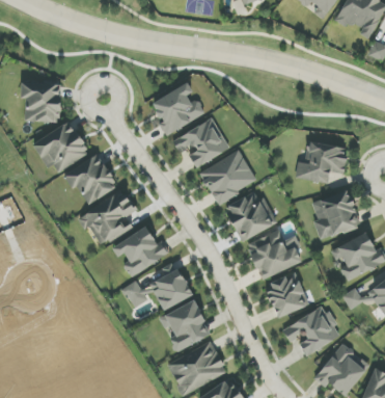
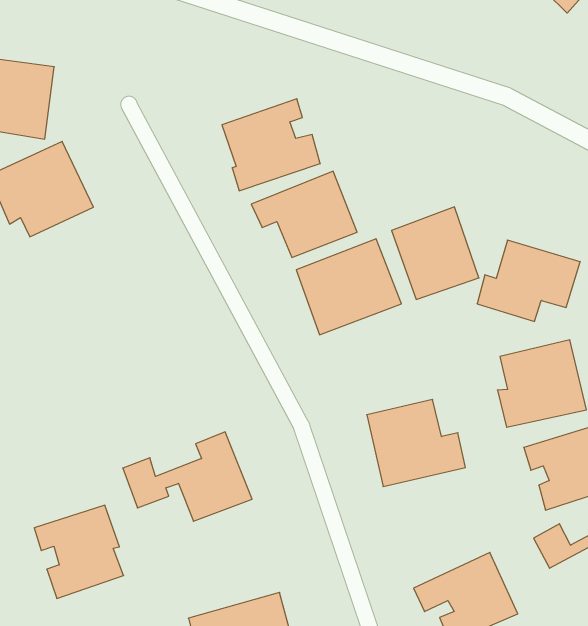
building: [64,153,118,204] -> none
building: [78,190,136,245] -> none
building: [224,190,273,241] -> [392,207,479,299]
building: [112,224,166,275] -> none
building: [265,272,309,317] -> none
building: [160,299,210,351] -> [34,505,124,598]

